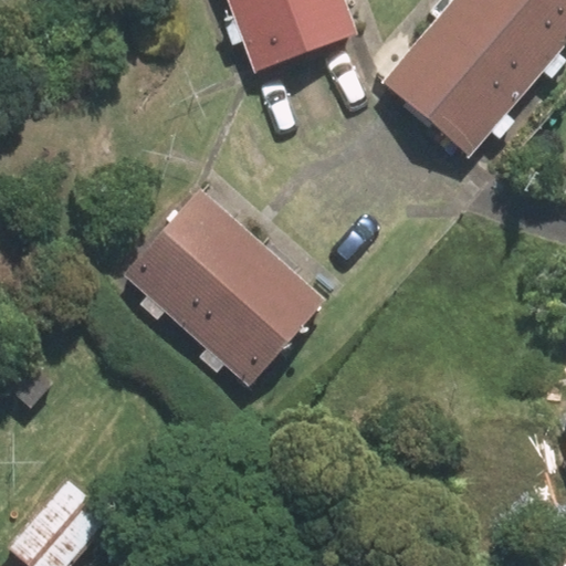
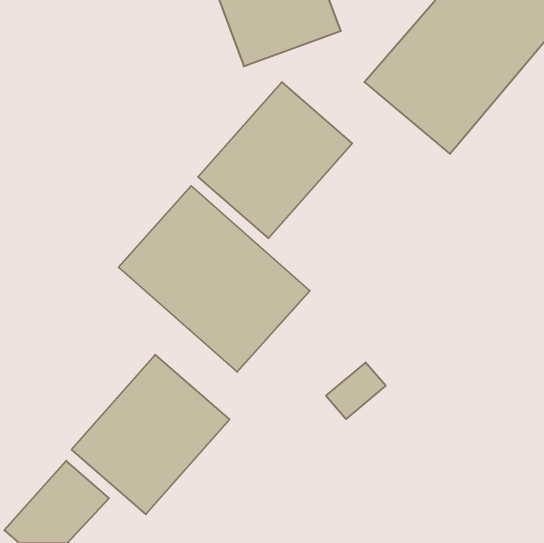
building: none -> [198,82,352,238]
building: none -> [72,355,229,514]

